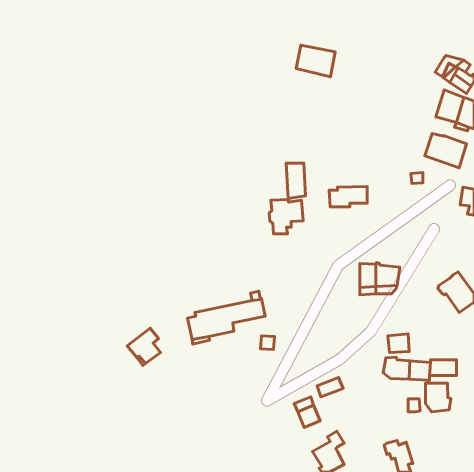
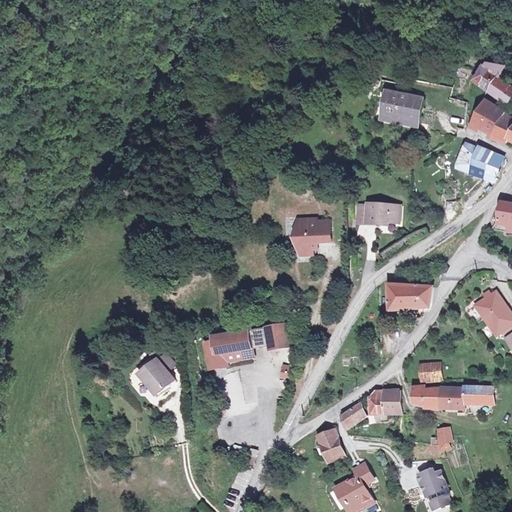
building: [296,45,335,77] -> [379,85,421,119]
building: [286,163,305,198] -> none
building: none -> [372,391,402,416]
building: [425,383,451,412] -> none

